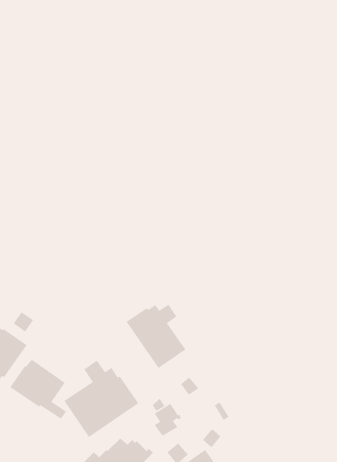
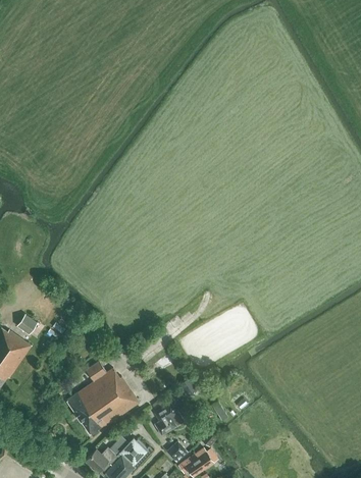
building: [126,304,186,369] -> none
building: [10,359,67,420] -> none

